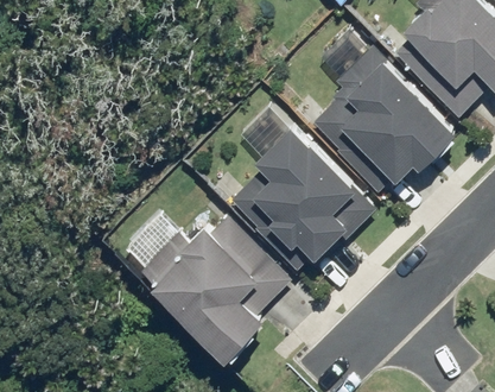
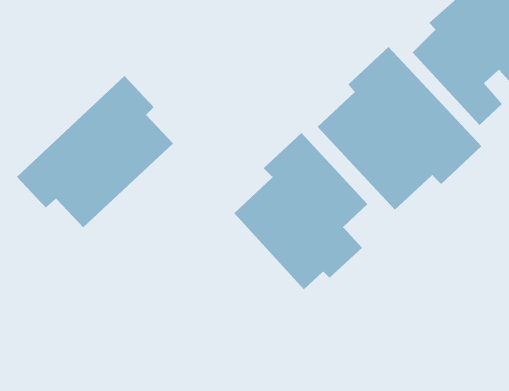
building: none -> [16,75,174,228]
building: [144,200,296,360] -> none

